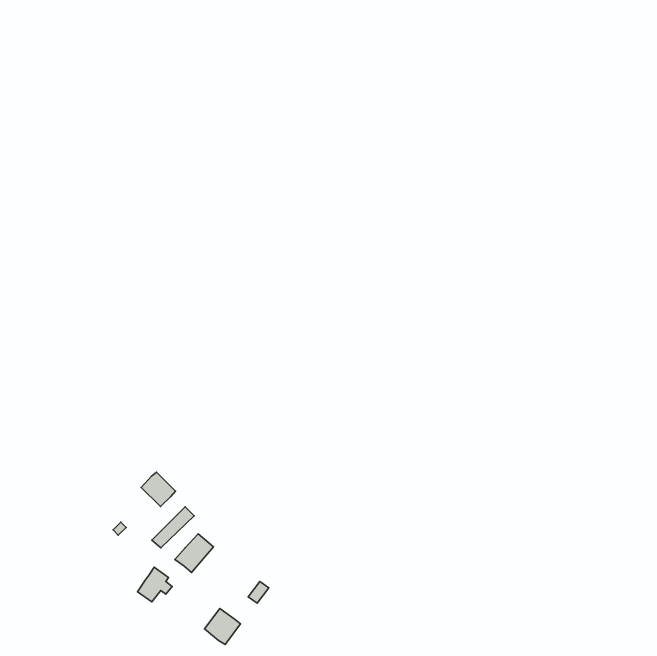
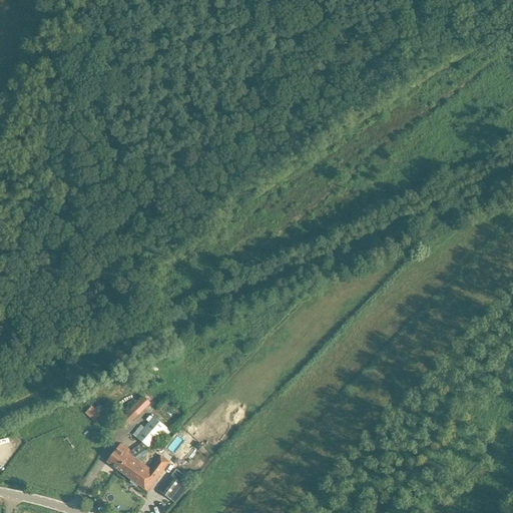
building: [141,472,176,507] -> none
building: none -> [118,456,167,490]

